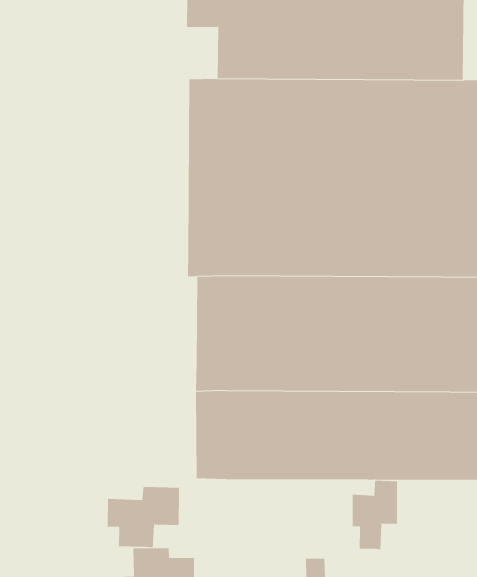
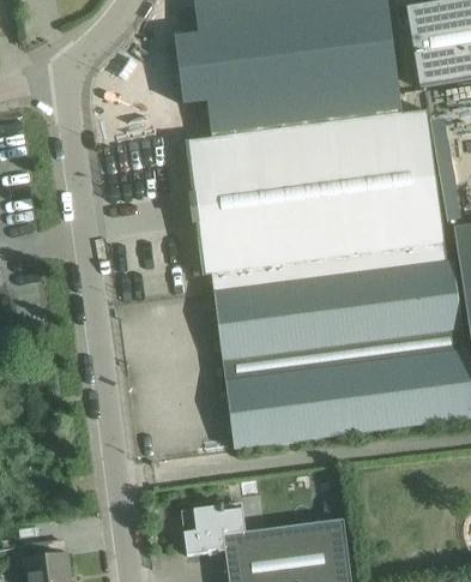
building: [352,480,398,550] -> none
building: [107,486,180,548] -> none

